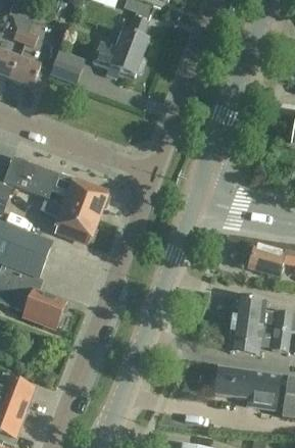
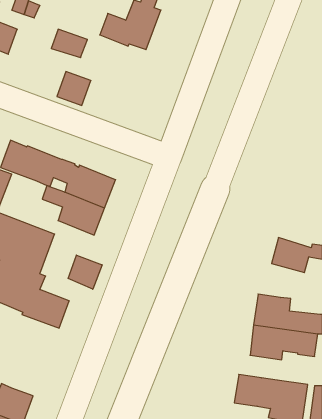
building: [10,56,41,87] -> [57,72,91,105]
building: none -> [68,255,102,289]

